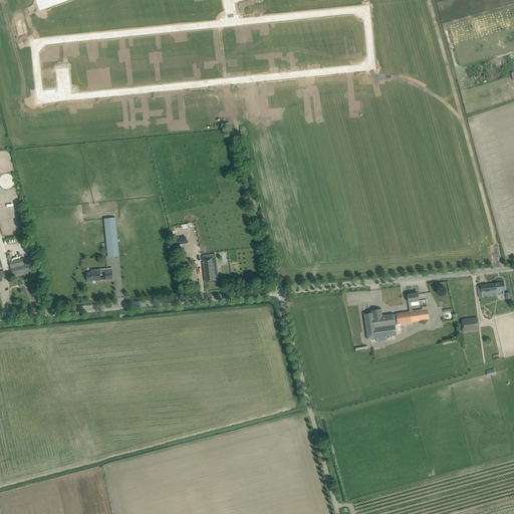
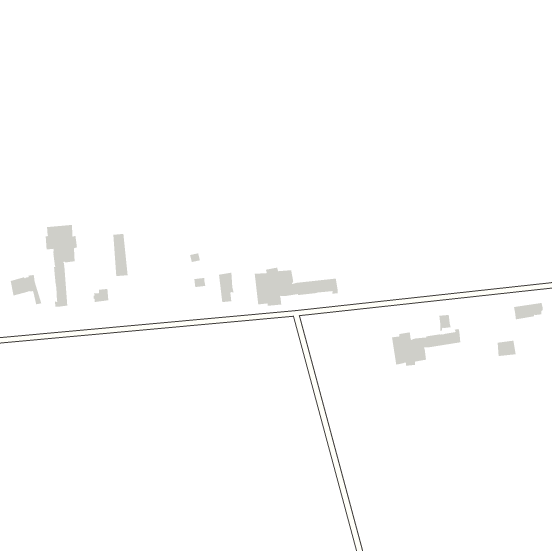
building: none -> [45,224,77,308]
building: none -> [254,267,338,307]

